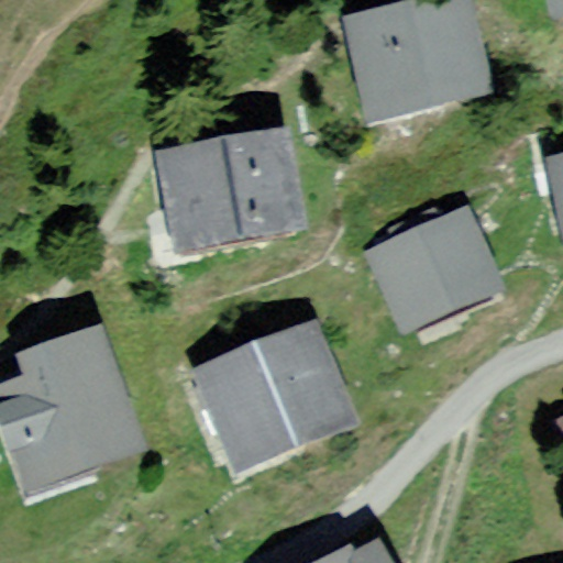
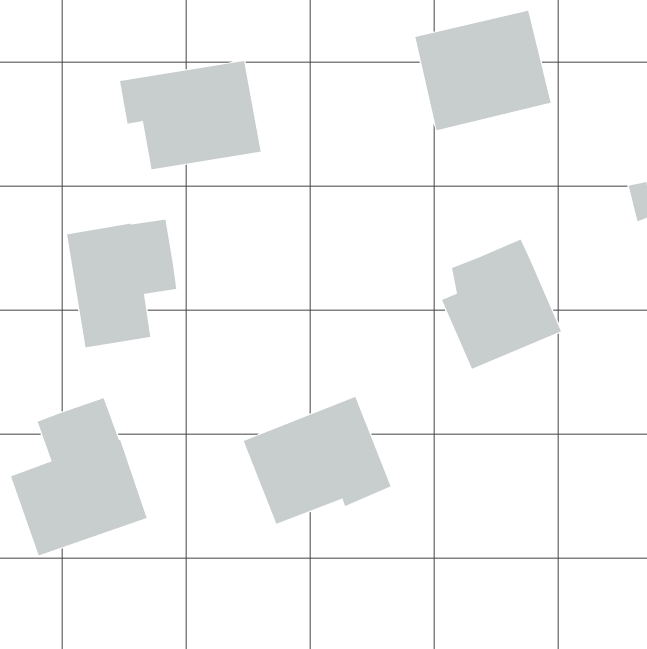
building: [172,147,295,242] -> [119,61,261,170]
building: none -> [67,219,177,348]

